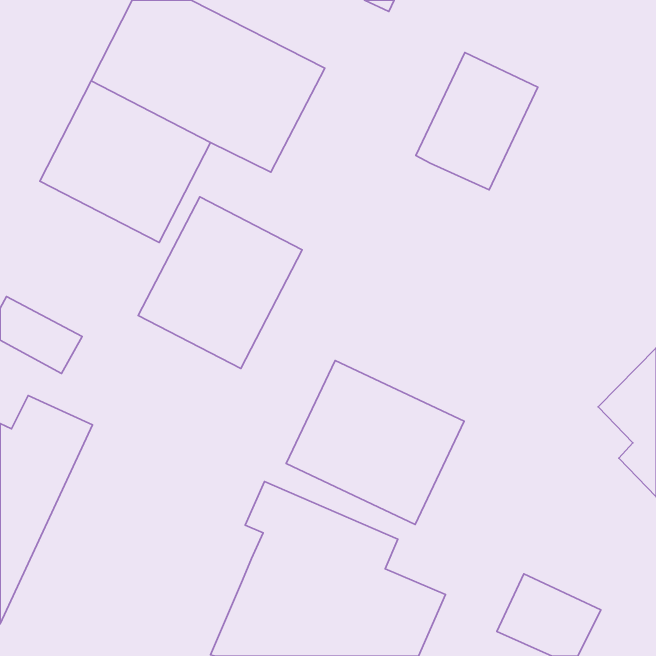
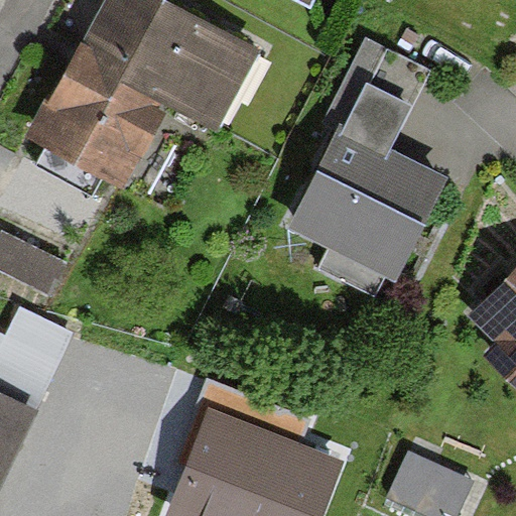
building: none -> [288,128,442,281]
building: [138,197,302,368] -> none
building: [286,360,464,524] -> none

